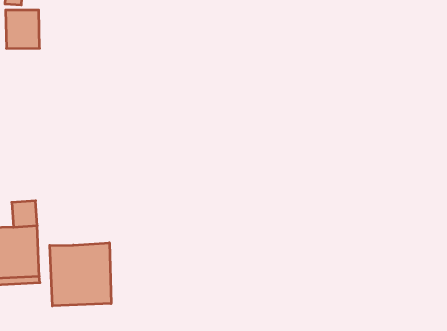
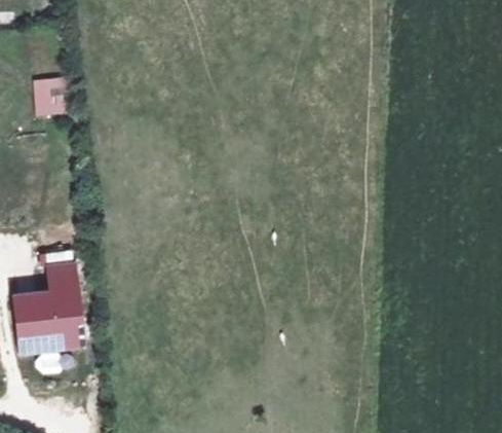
building: [50,243,111,306] -> none

